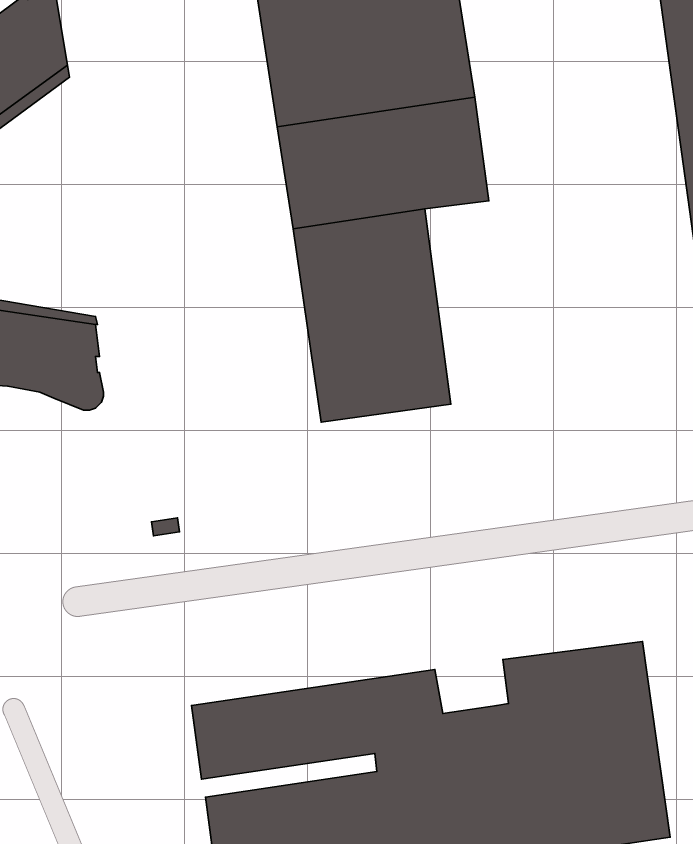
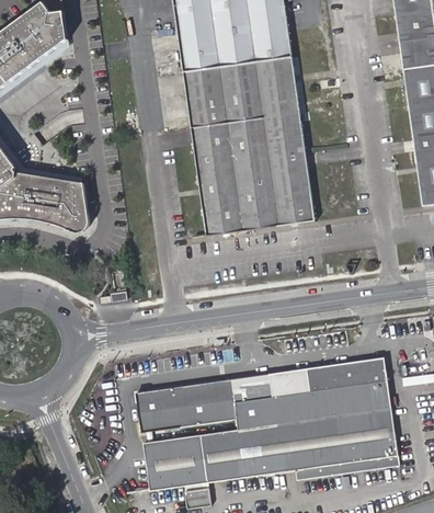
building: none -> [264,115,315,227]
building: none -> [270,367,310,397]

